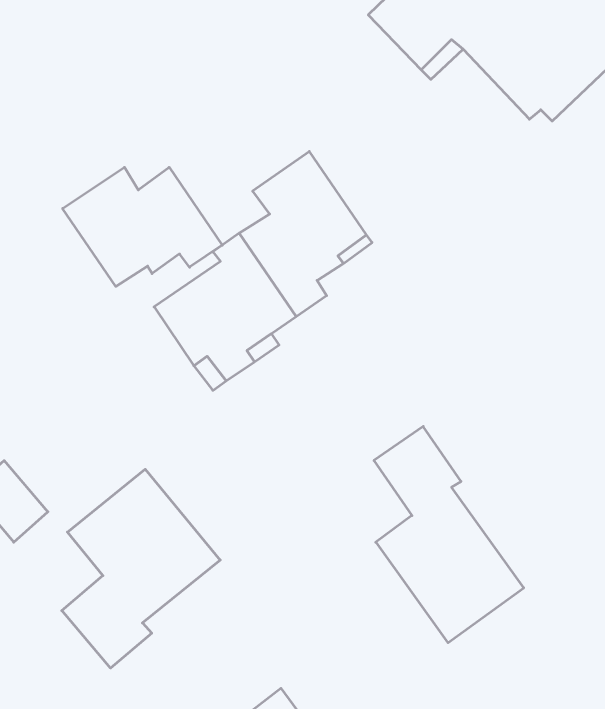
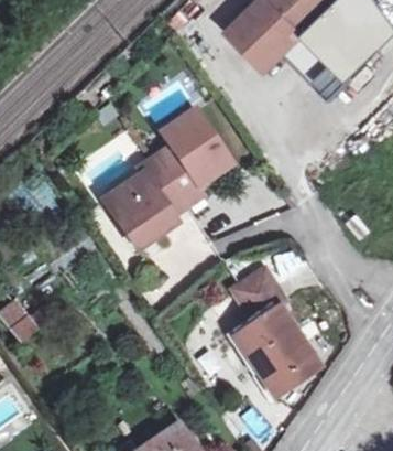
building: [63,167,222,286] -> none
building: [62,469,220,668] -> none

